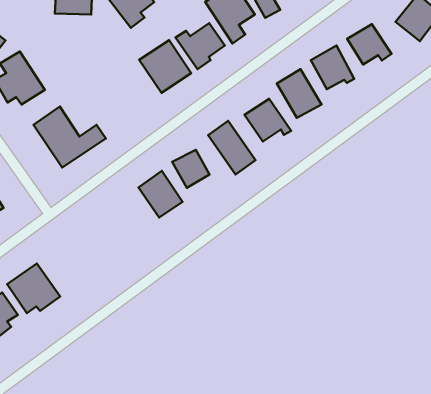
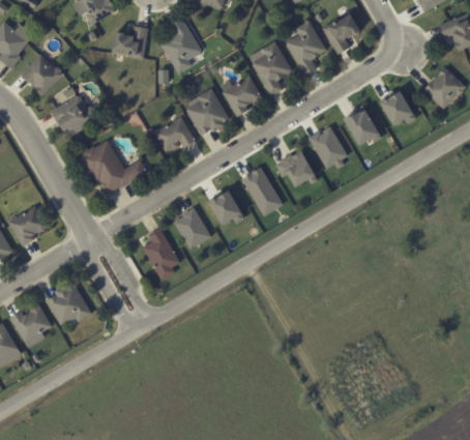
building: none -> [154,115,196,153]
building: none -> [143,228,179,280]

